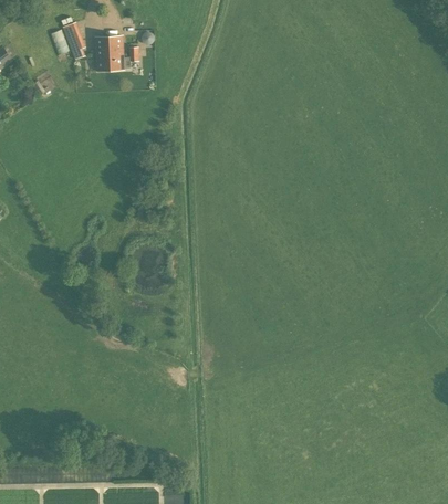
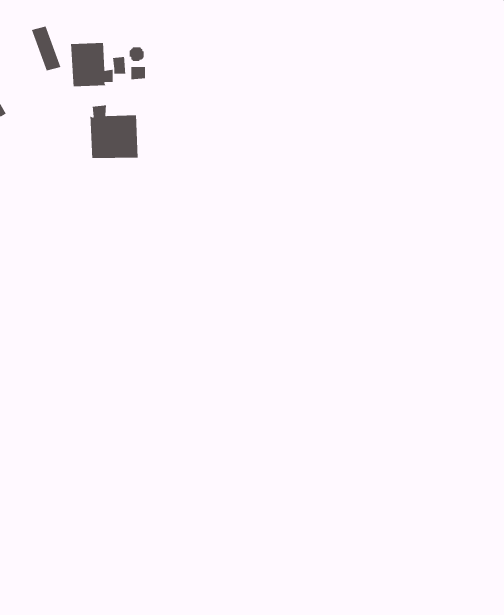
building: none -> [90,105,139,159]

